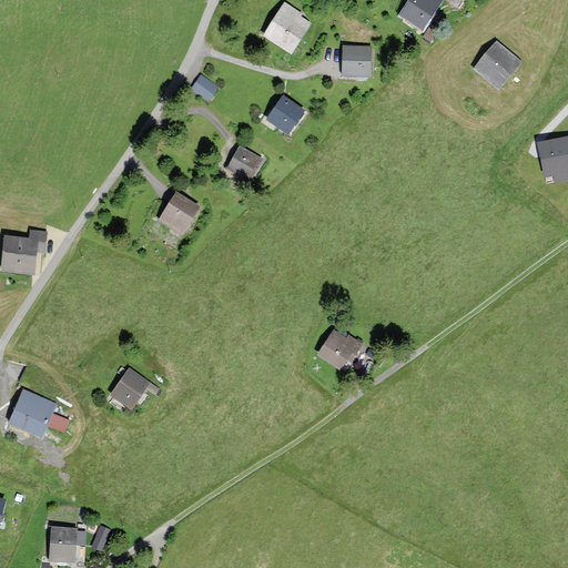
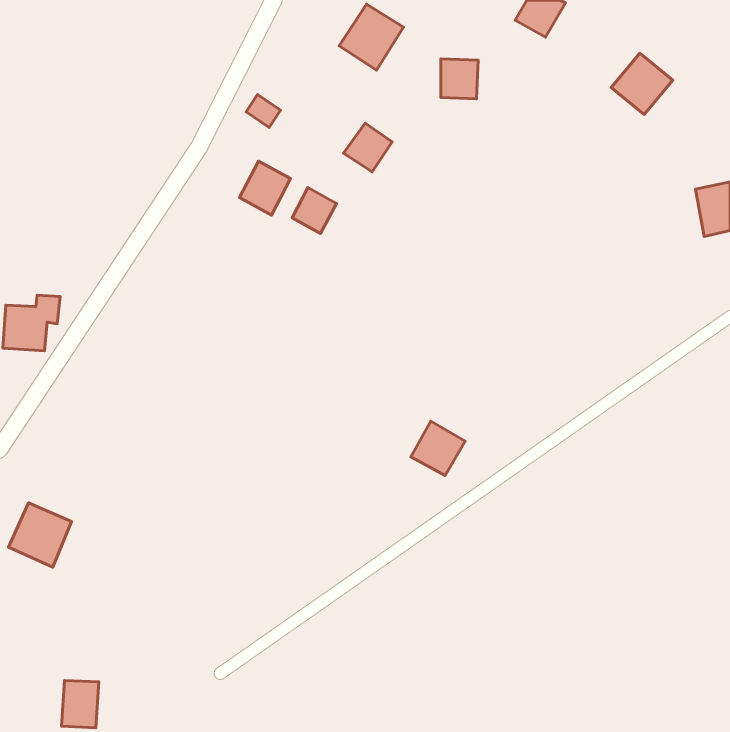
building: none -> [239,161,291,215]
building: [158,192,200,236] -> none
building: [109,368,150,412] -> none

